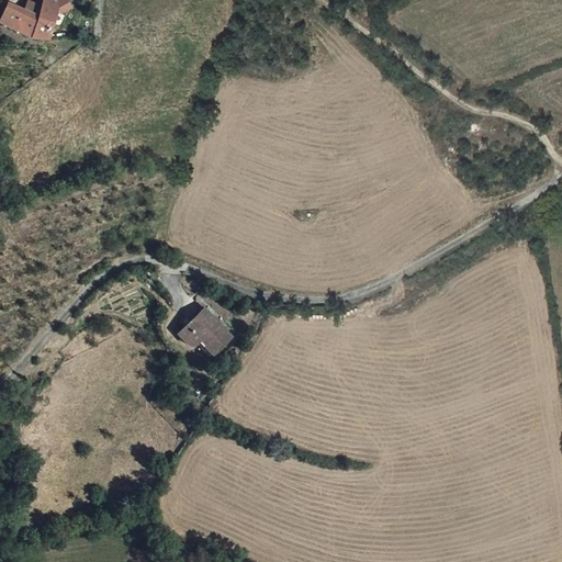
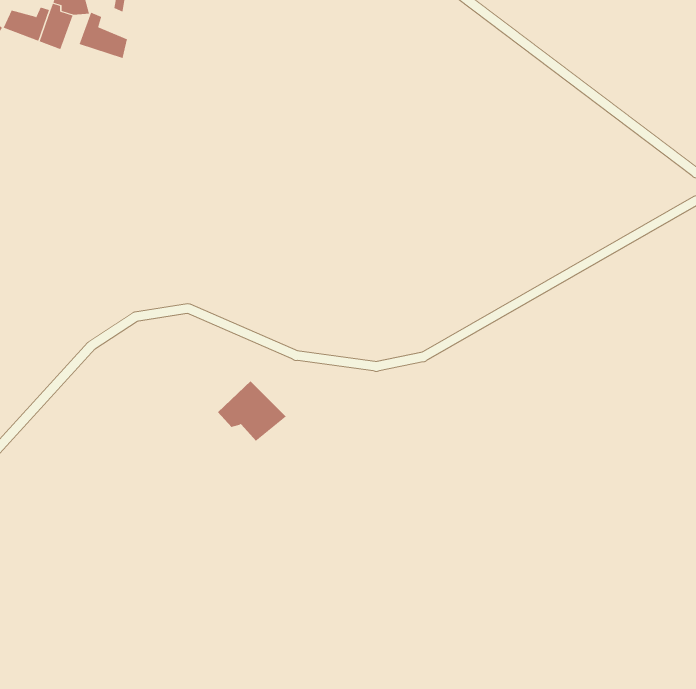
building: none -> [79,12,127,59]

